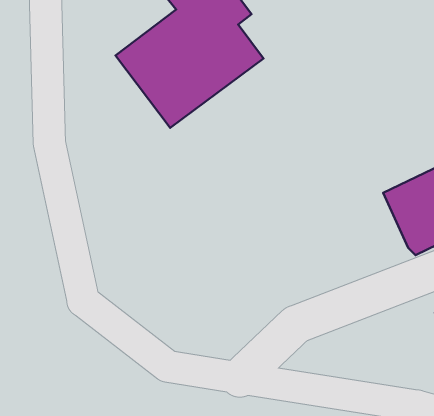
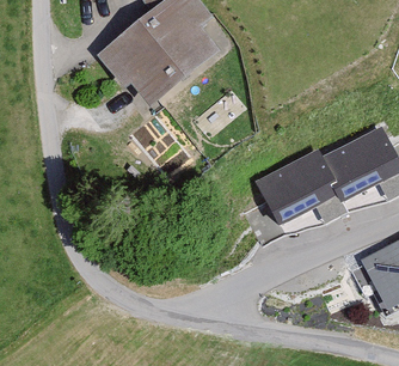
building: none -> [256,151,338,232]

